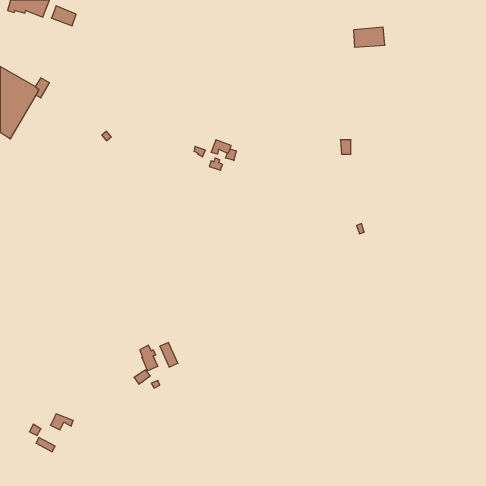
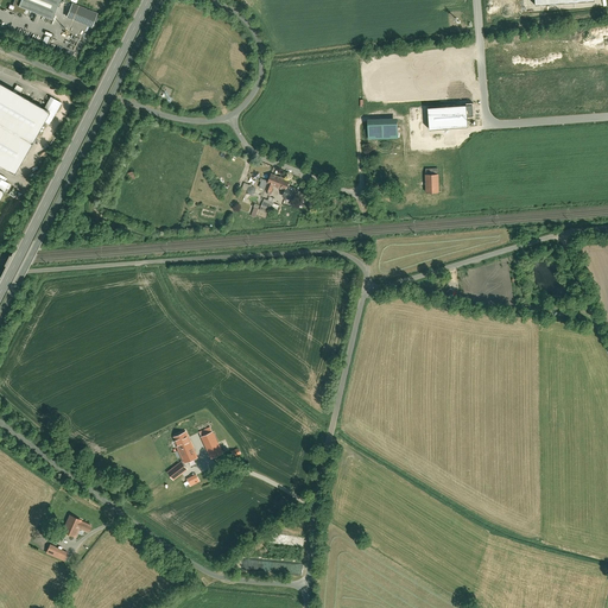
building: [354,27,385,47] -> [429,104,468,129]
building: none -> [368,120,398,138]

